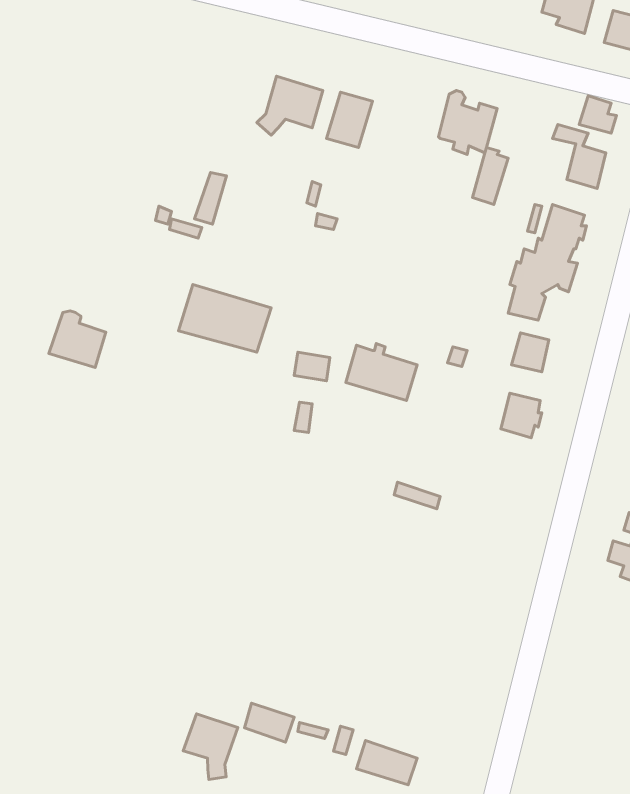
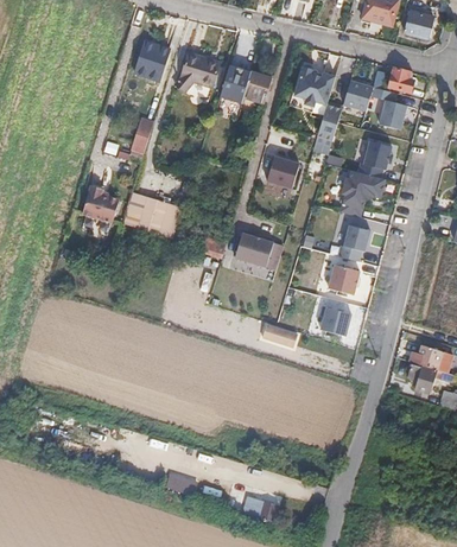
building: none -> [137,38,169,70]
building: none -> [239,70,272,112]
building: none -> [342,78,374,109]
building: none -> [266,154,299,187]
building: [49,311,106,368] -> [80,185,118,223]
building: none -> [324,306,354,336]
building: [183,714,238,779] -> none

